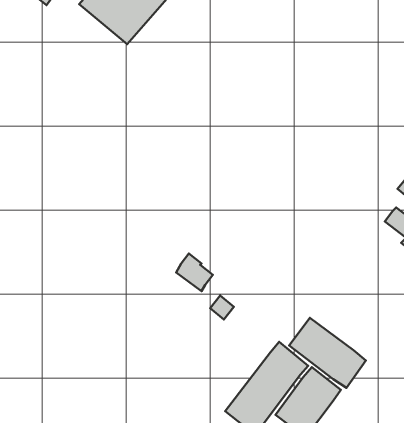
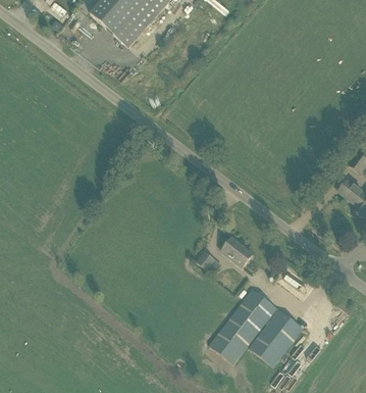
building: [176,254,213,291] -> [222,235,252,265]
building: [289,318,366,388] -> none

